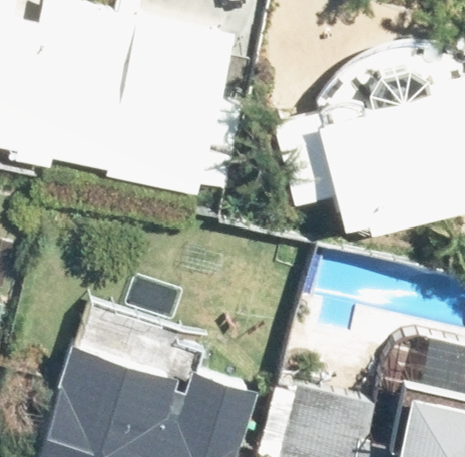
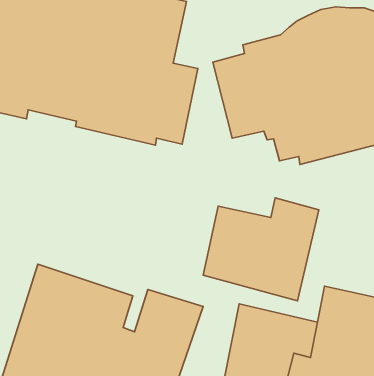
building: none -> [203,198,319,301]

